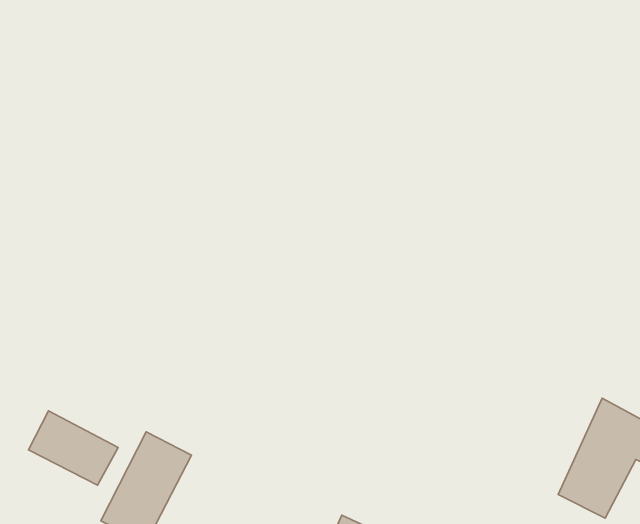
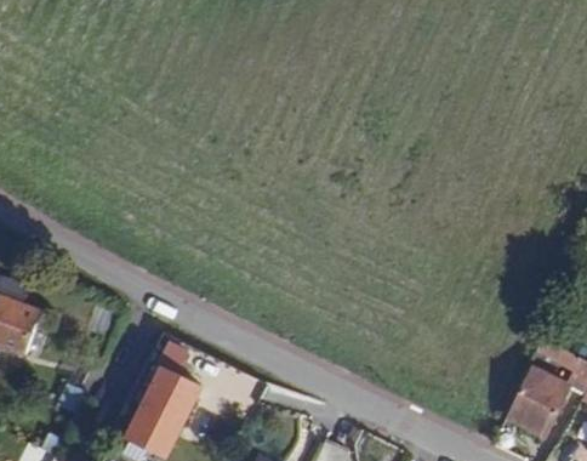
building: [29,411,118,485] -> none

